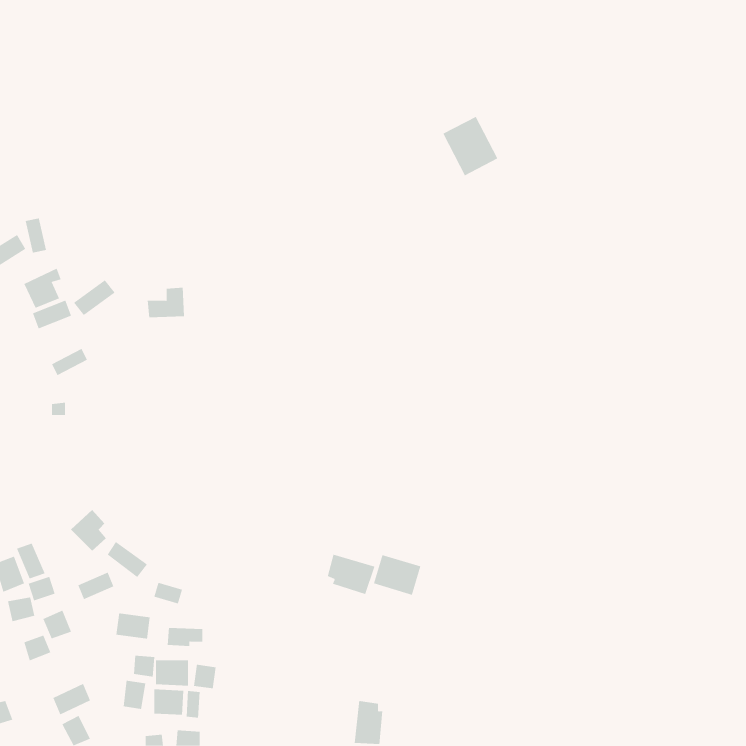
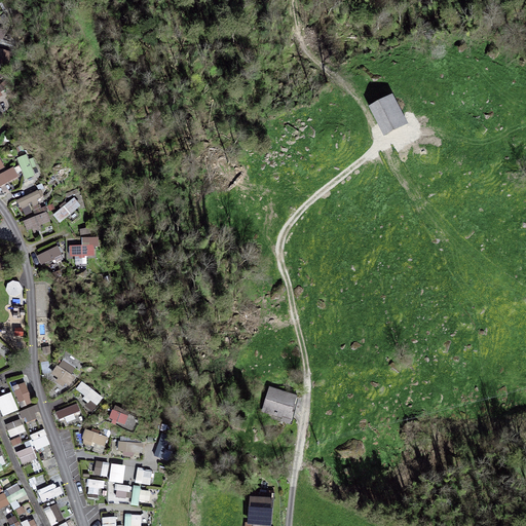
building: [442,116,498,176] -> [368,97,407,139]
building: [147,287,185,318] -> [68,235,95,257]
building: [327,554,375,595] -> none

